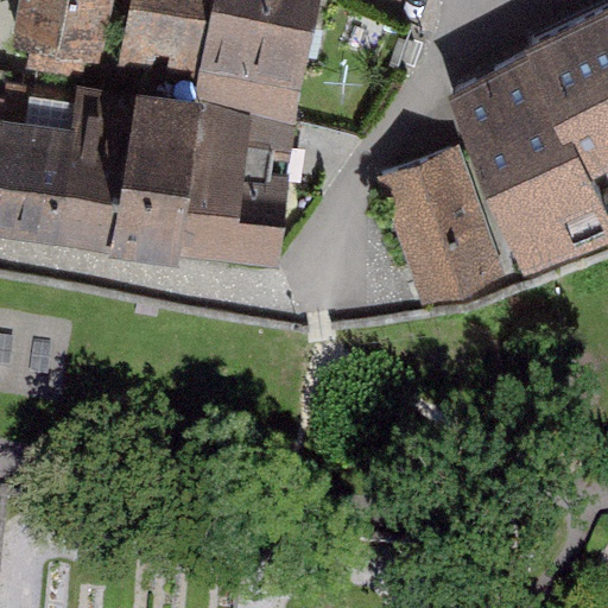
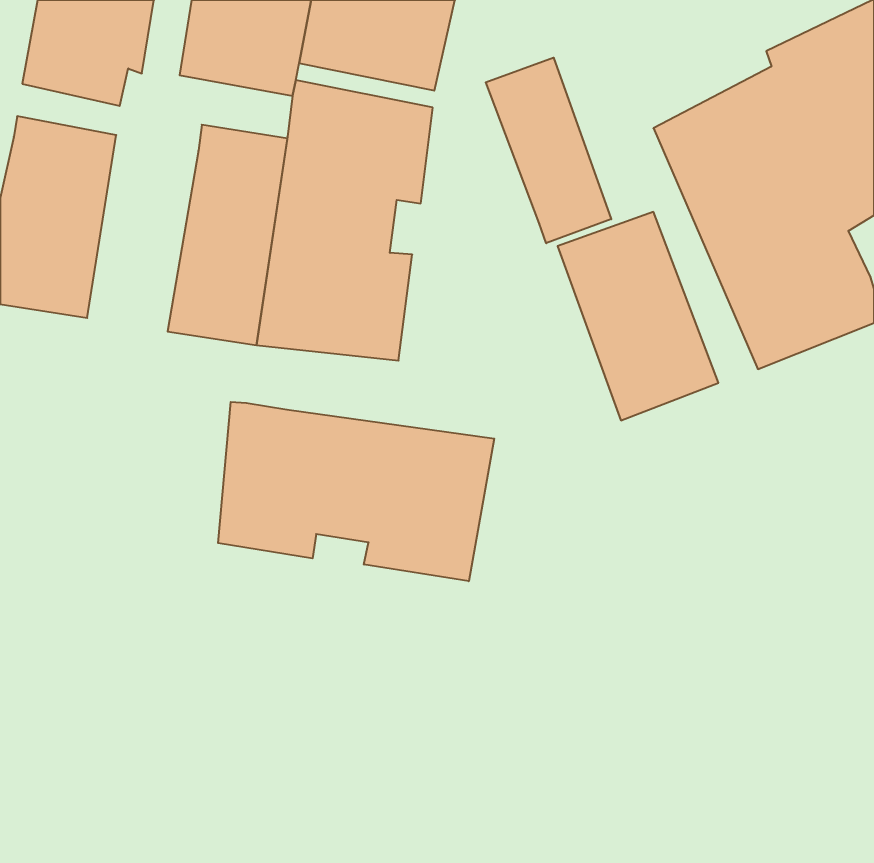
building: none -> [486,58,611,243]
building: [61,101,138,239] -> none
building: none -> [218,402,494,581]

